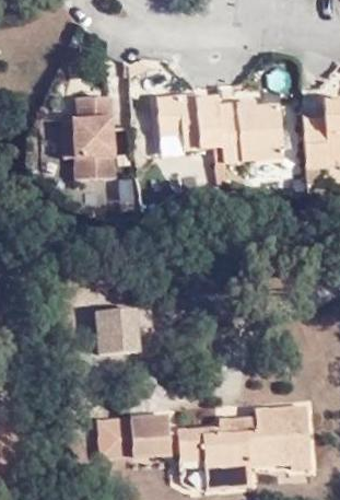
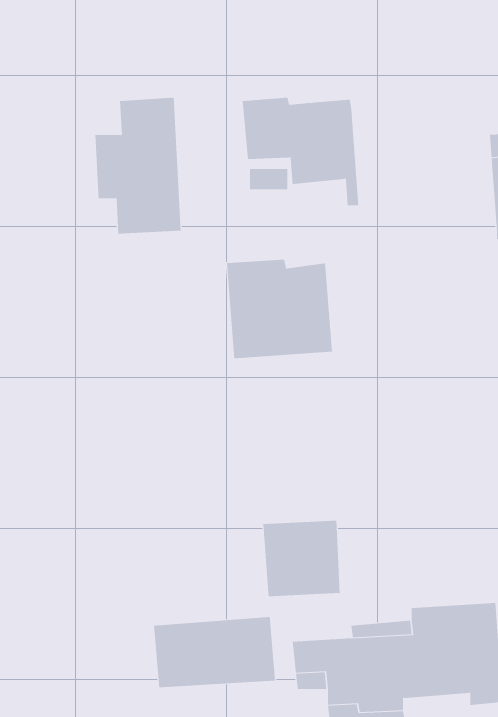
building: [220,100,285,161] -> [226,259,333,359]
building: [91,309,139,356] -> [262,520,341,597]

